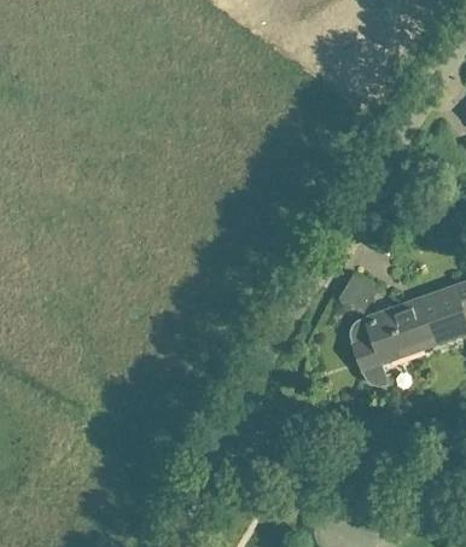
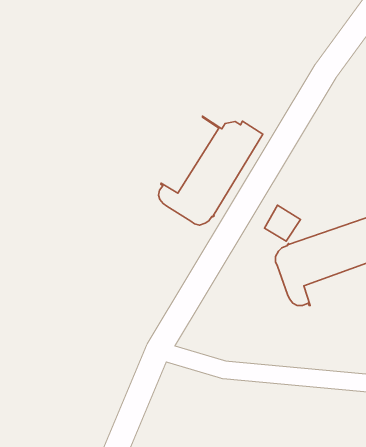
building: none -> [159,116,263,225]

